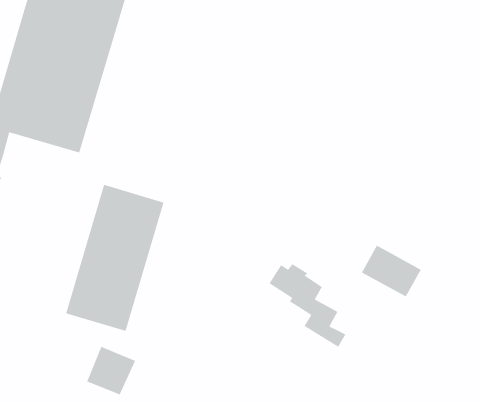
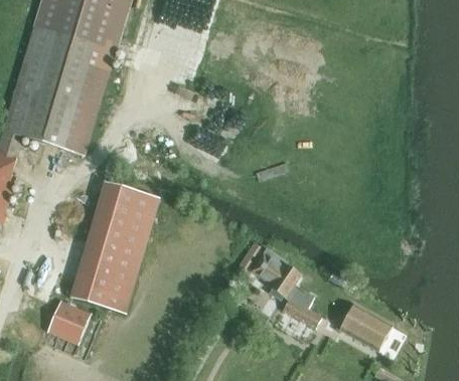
building: [361,245,422,298] -> [338,303,393,350]
building: [86,346,136,395] -> [47,299,92,343]

